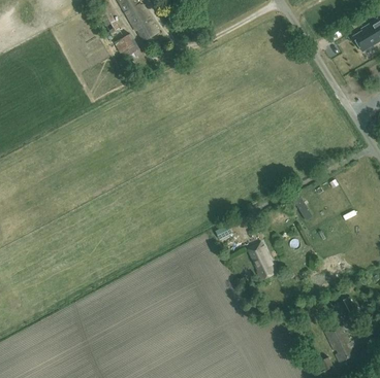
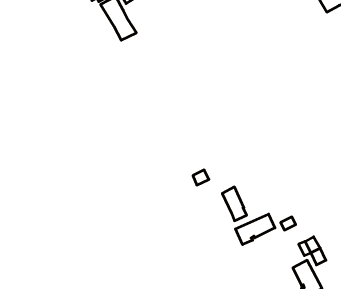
building: none -> [235,214,275,245]

